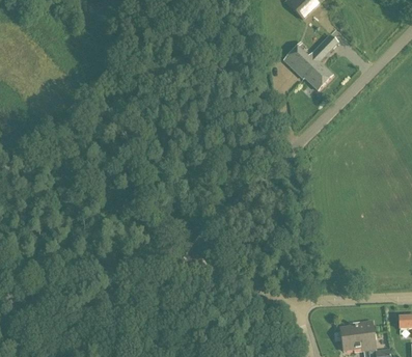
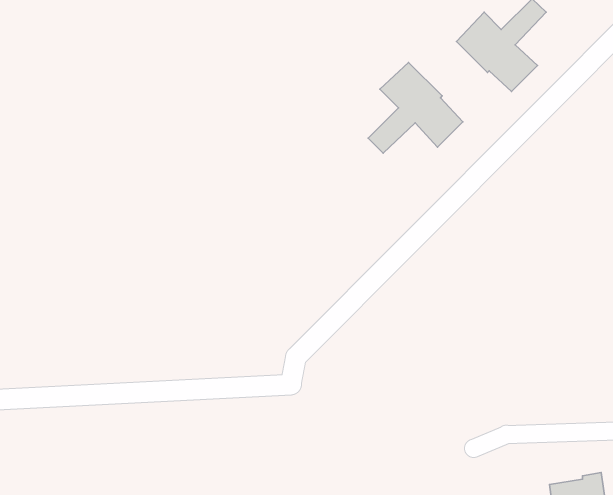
building: none -> [368,62,463,153]

